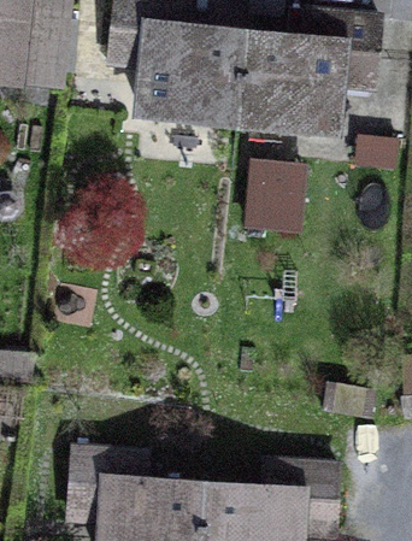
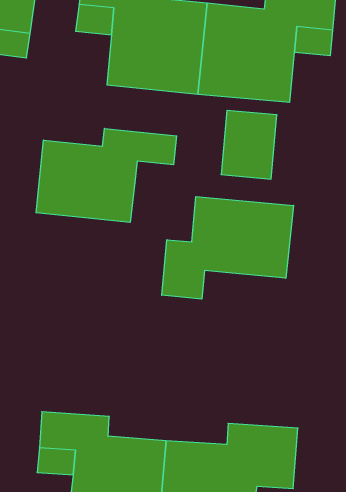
building: none -> [36,128,177,222]
building: none -> [162,197,294,299]

